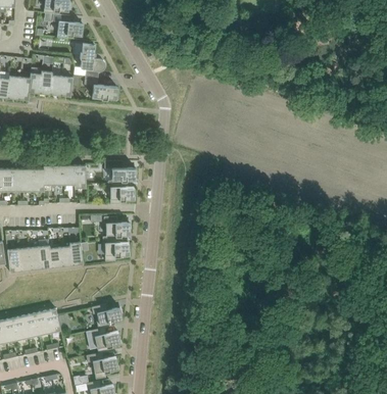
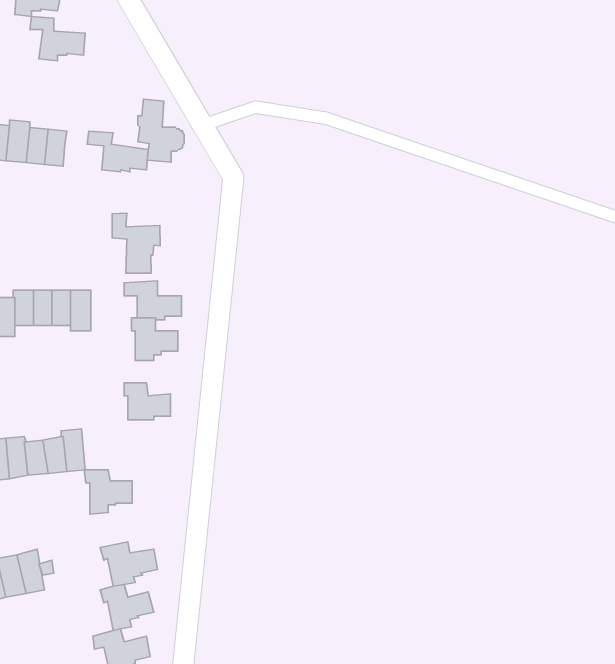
building: [79,43,104,78] -> [138,99,184,162]
building: none -> [112,213,160,273]
building: [101,236,128,260] -> [84,470,132,514]

